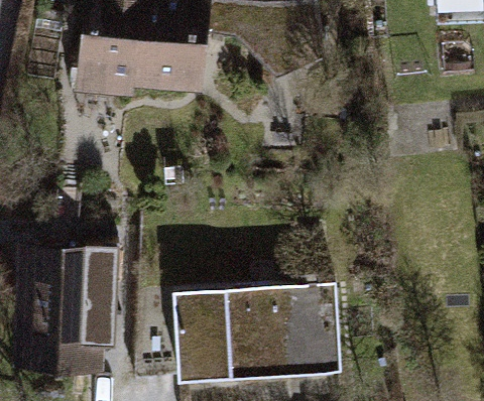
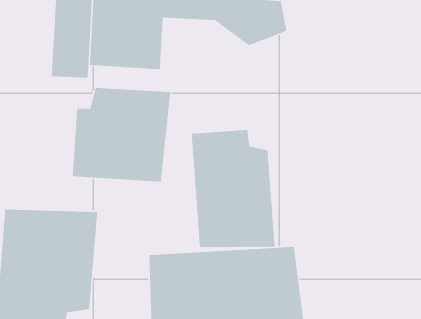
building: none -> [72,87,171,183]
building: none -> [191,129,276,248]

